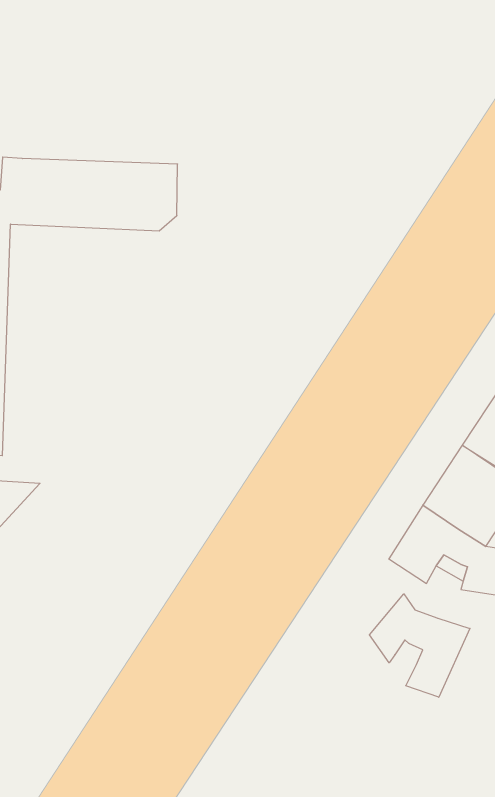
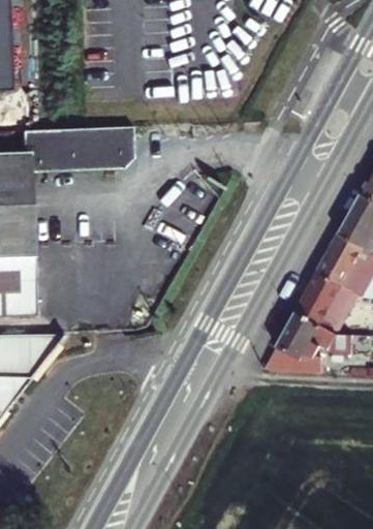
building: [369,594,470,697] -> none

